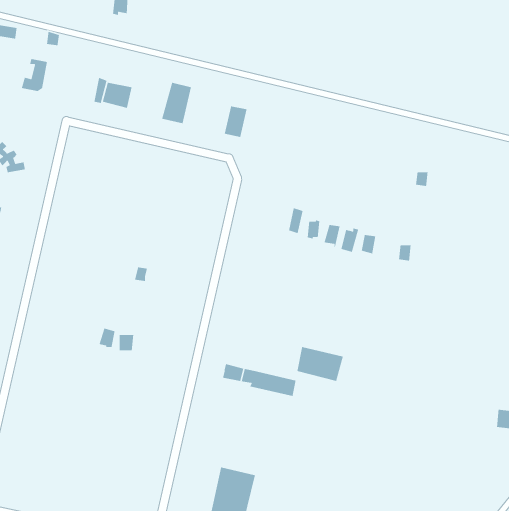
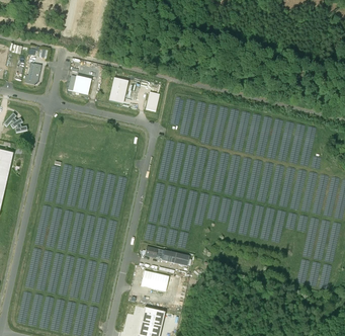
building: [296,346,344,382] -> [140,269,168,290]

